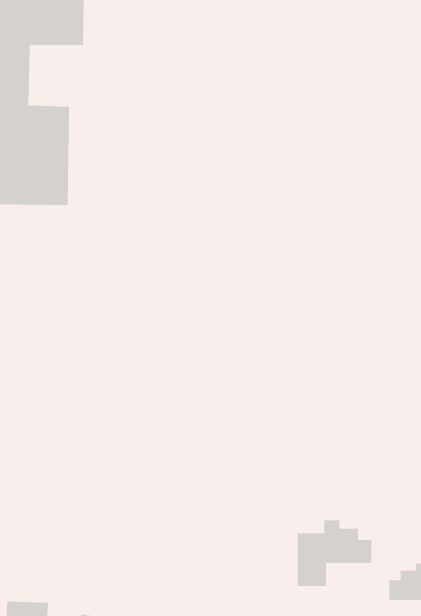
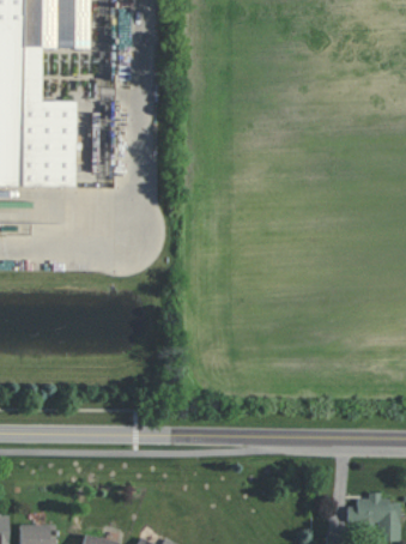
building: [297,519,372,587] -> none

